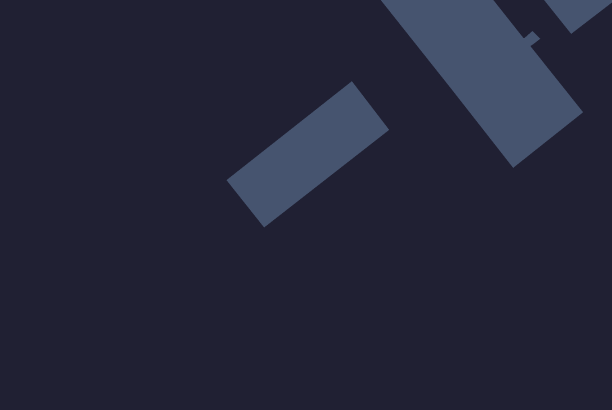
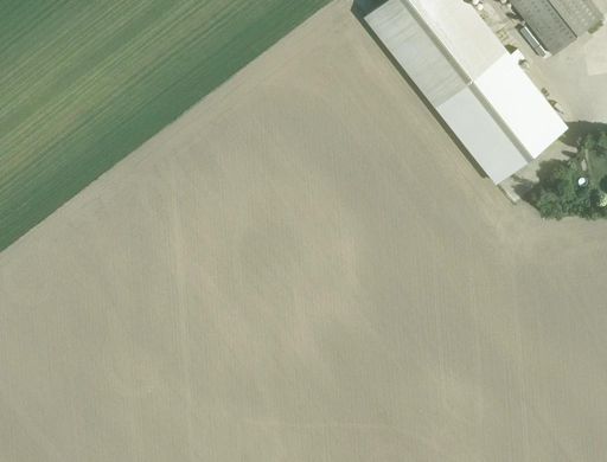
building: [226,80,390,228] -> none

